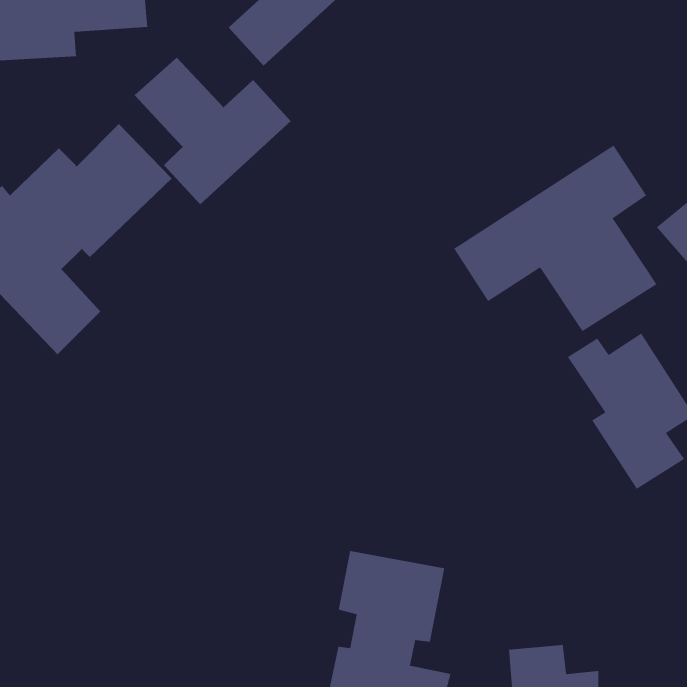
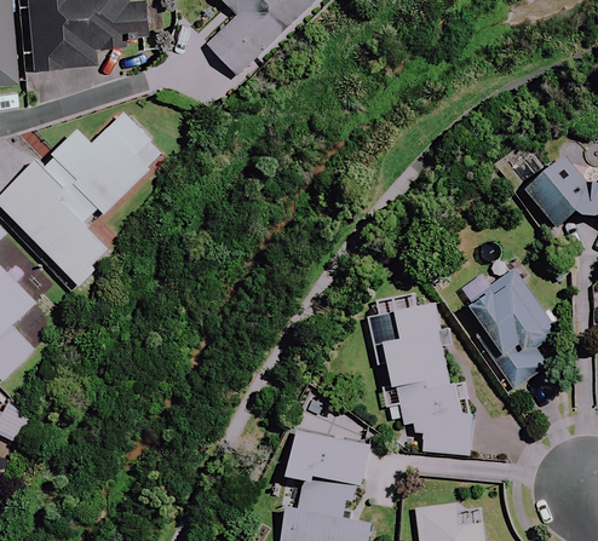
building: [134,57,292,205] -> none
building: [453,144,658,332] -> none
building: none -> [363,293,471,456]

